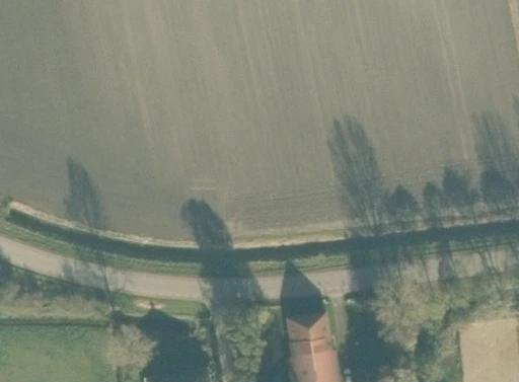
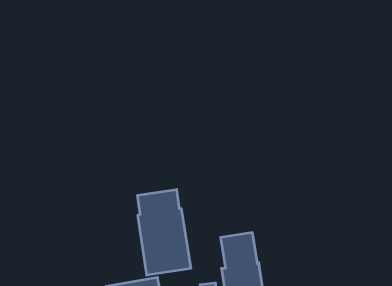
building: none -> [138,189,191,275]

